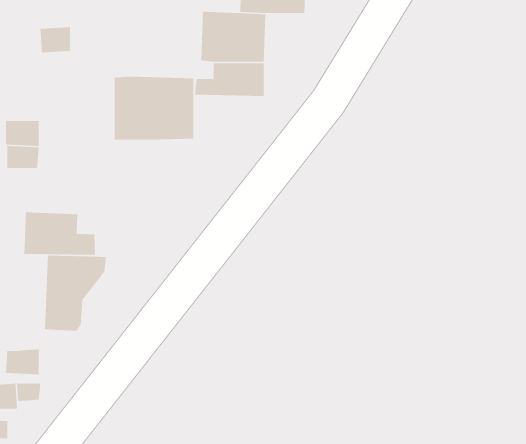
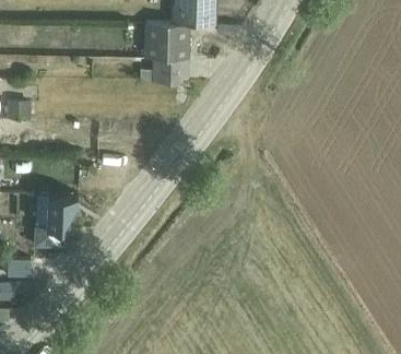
building: [114,76,194,140] -> none
building: [24,211,96,255] -> none

